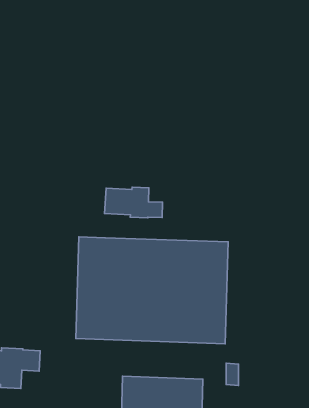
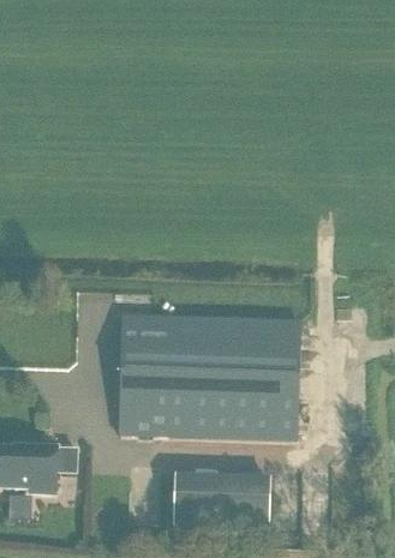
building: [105,187,163,218] -> none

